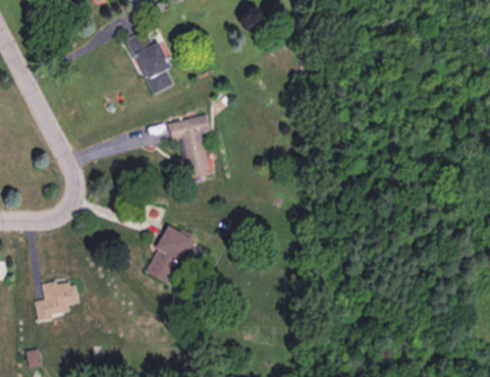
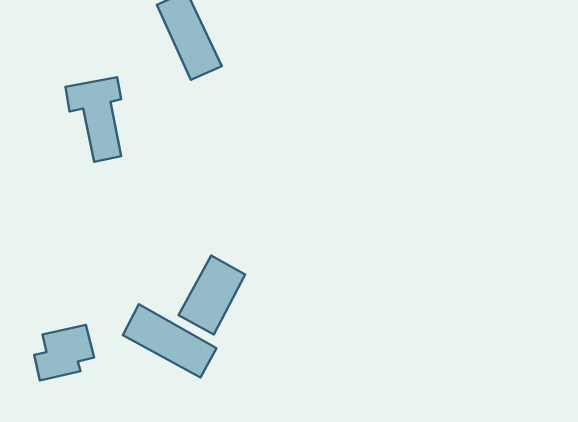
building: [168,114,210,177] -> [66,77,121,162]
building: none -> [123,304,216,377]

